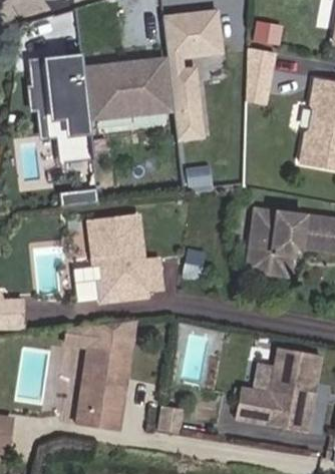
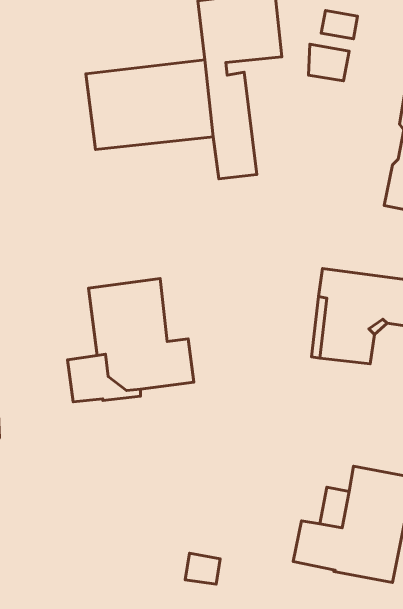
building: [29,55,96,163] -> none
building: [64,318,135,430] -> none

